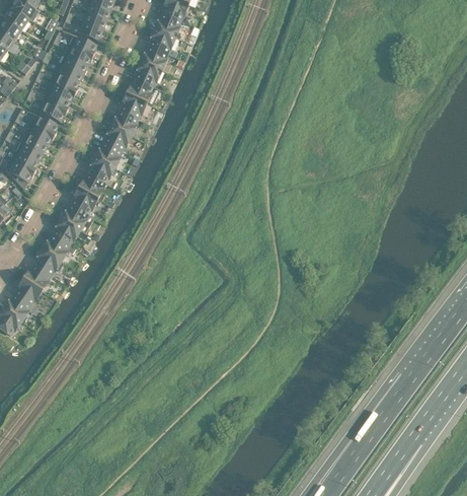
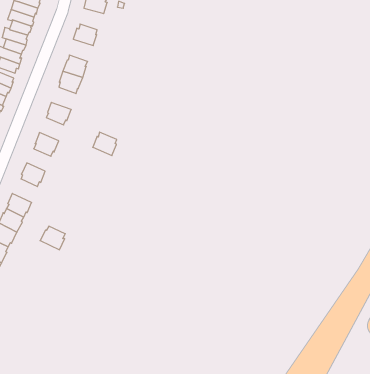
building: [136,62,162,86] -> none
building: [121,93,147,119] -> none
building: [95,142,123,167] -> none
building: [79,172,105,199] -> [93,132,117,156]
building: [62,204,88,229] -> none
building: [43,234,70,261] -> [40,226,65,250]

